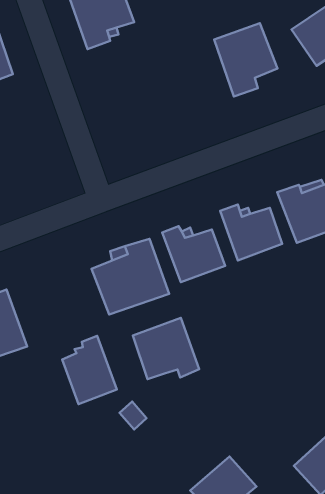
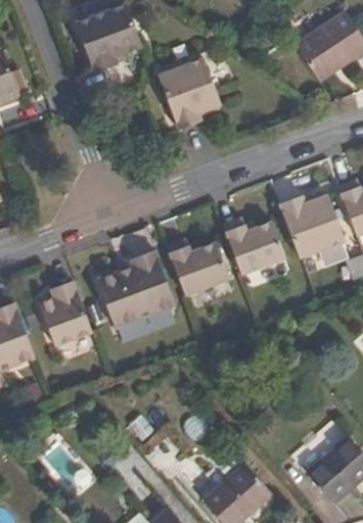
building: [214,23,277,97] -> [157,59,220,132]
building: [133,318,199,379] -> none
building: [62,336,117,404] -> [38,282,92,349]

